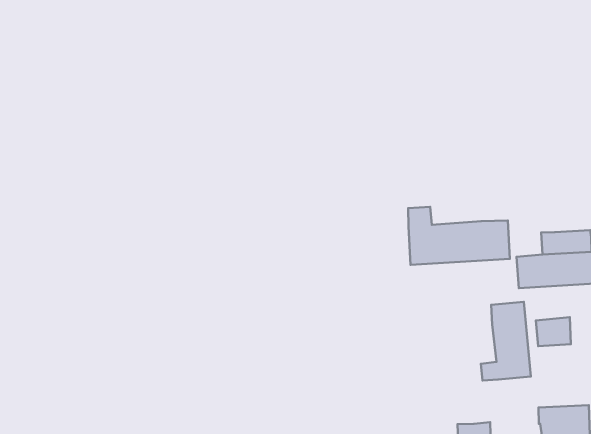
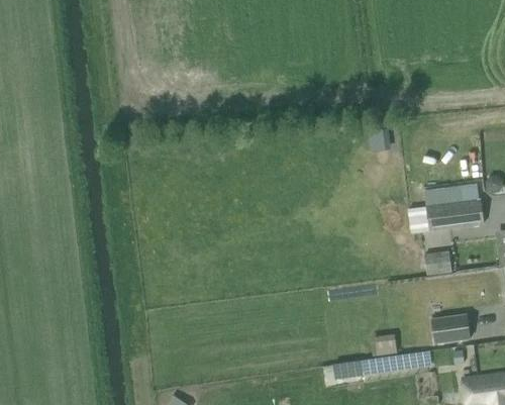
building: [408,207,510,265] -> none
building: [481,302,531,380] -> none

